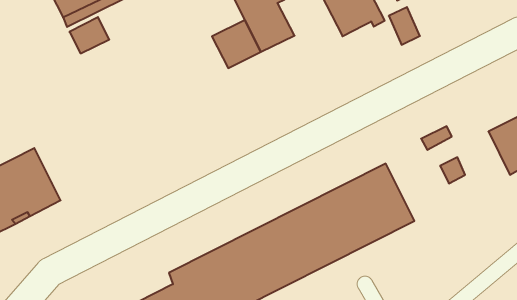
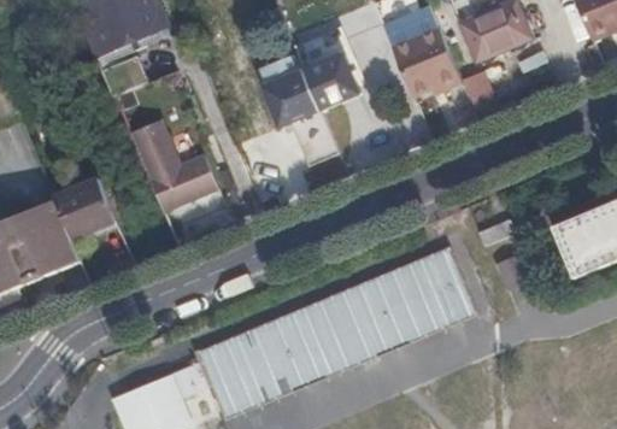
building: none -> [131,129,216,213]
building: none -> [51,180,114,241]

